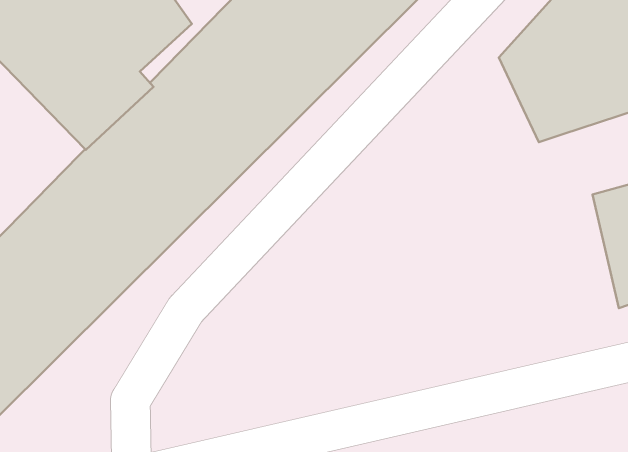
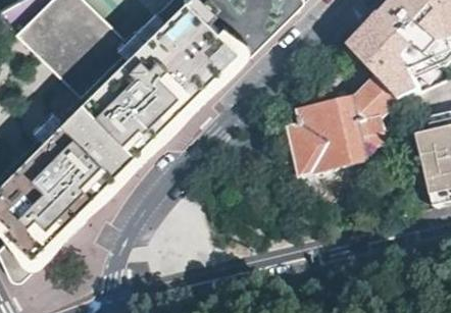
building: none -> [293,70,392,176]

